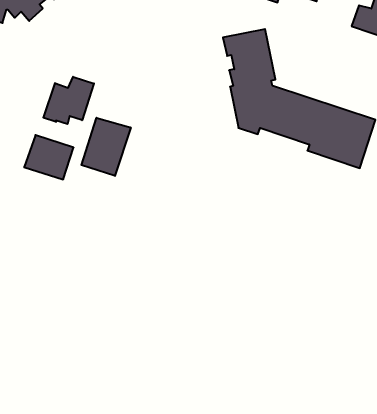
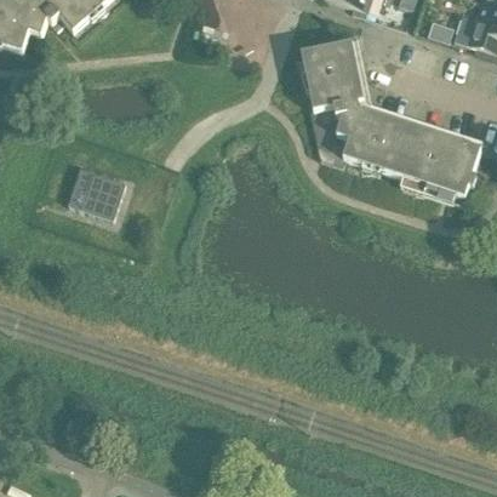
building: [43,77,94,124] -> none
building: [81,118,131,176] -> none

